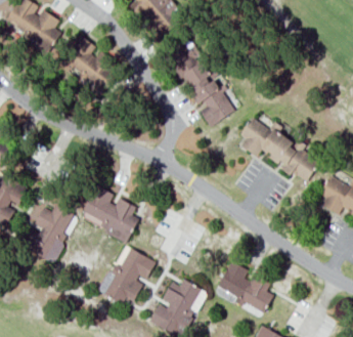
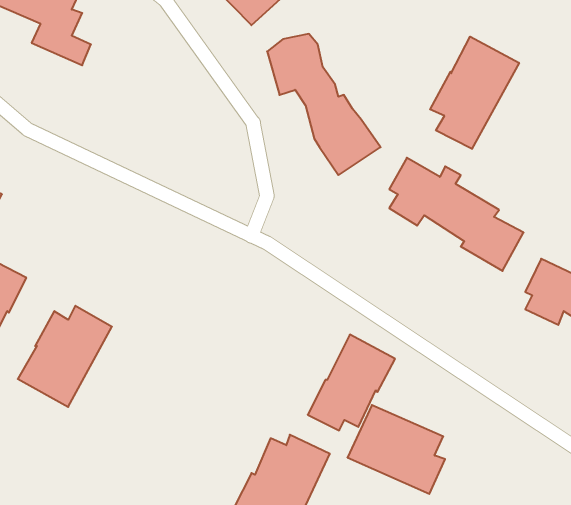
building: [60,36,116,93] -> none
building: none -> [430,37,519,149]
building: [80,186,138,242] -> none
building: [104,248,156,304] -> [308,335,395,430]

